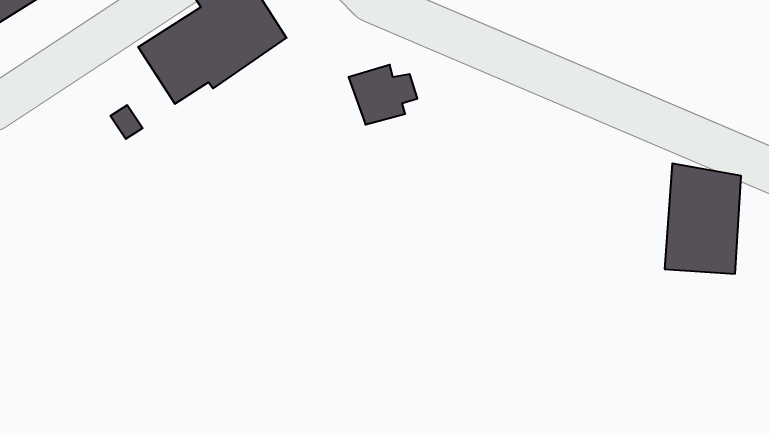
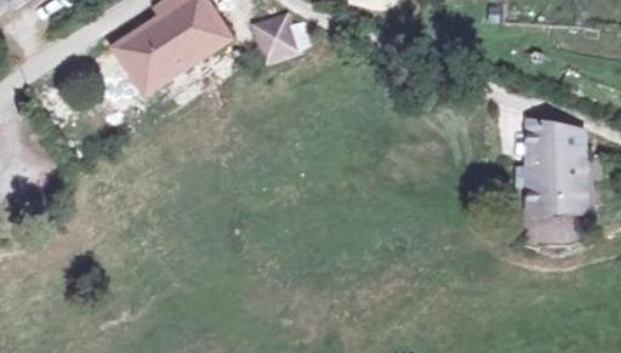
building: [349,65,417,125] -> [252,12,307,59]

